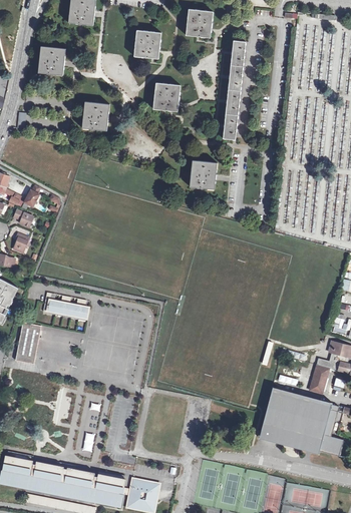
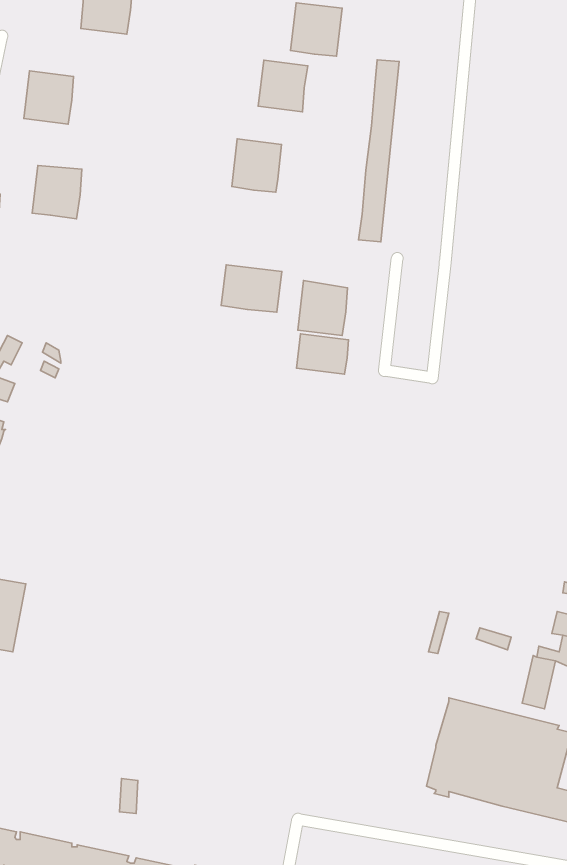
building: [134,31,161,59] -> [258,60,308,112]
building: [83,103,110,132] -> [32,166,82,219]
building: none -> [221,265,282,312]
building: none -> [296,334,349,374]
building: [42,293,87,320] -> none

